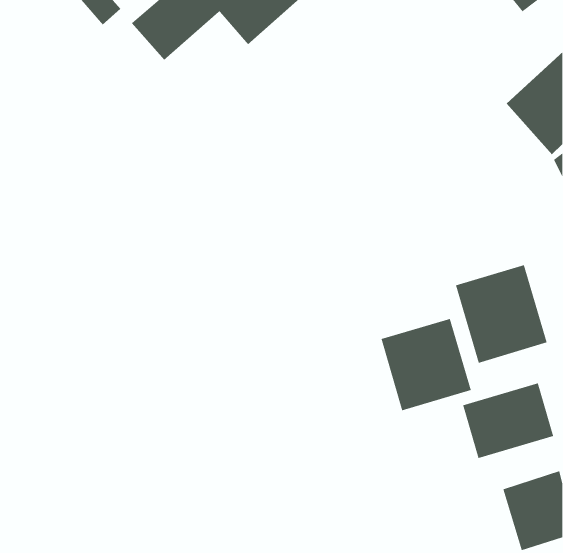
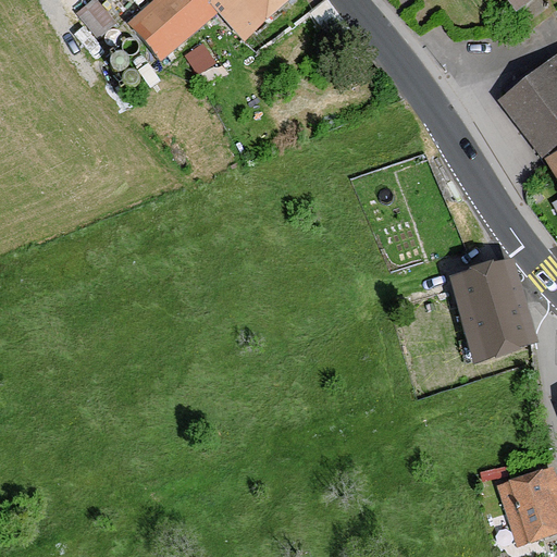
building: [381,318,471,411] -> none
building: [463,382,554,459] -> none

